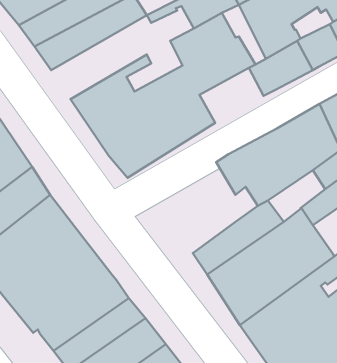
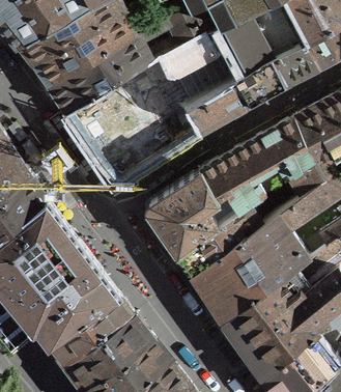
building: none -> [48,36,151,114]
building: none -> [184,85,244,136]
building: none -> [147,172,218,256]

